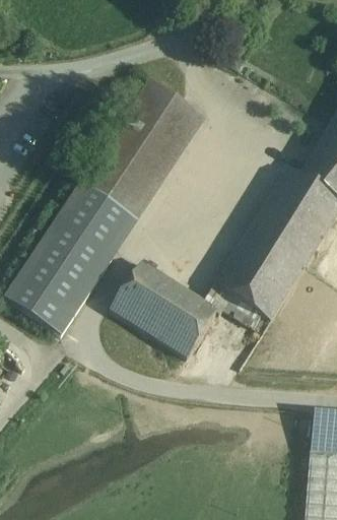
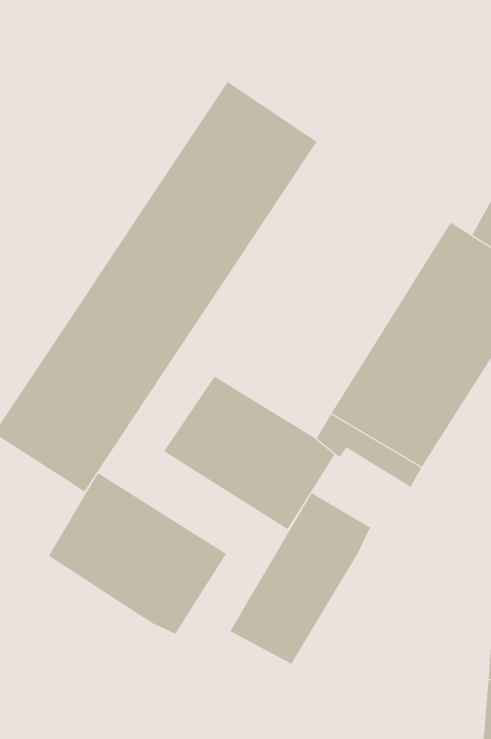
building: none -> [48,472,227,635]
building: none -> [230,492,371,665]

